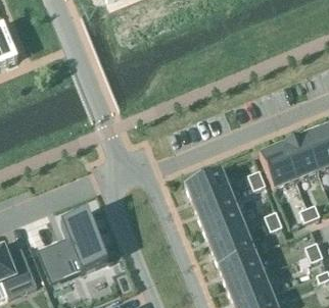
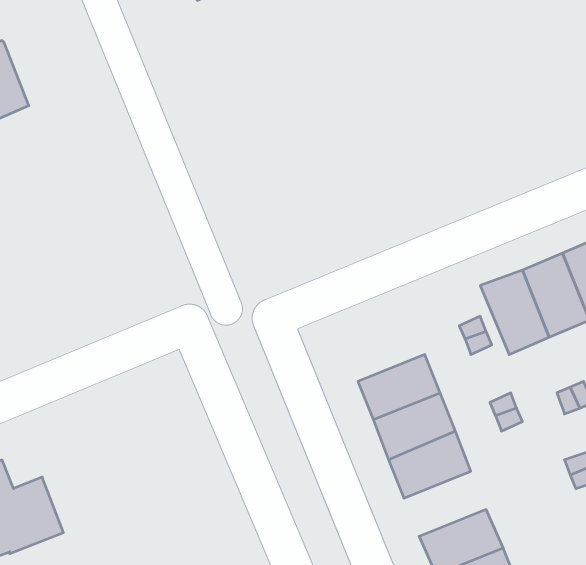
building: [184,169,229,204] -> none
building: [37,211,107,272] -> none
building: [218,252,262,287] -> none

